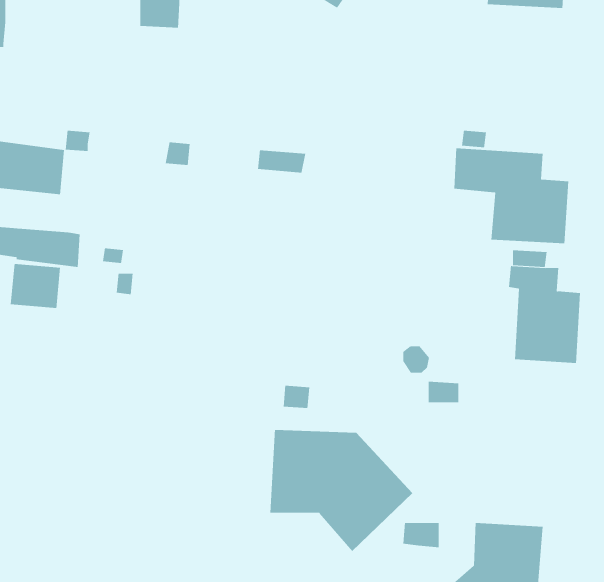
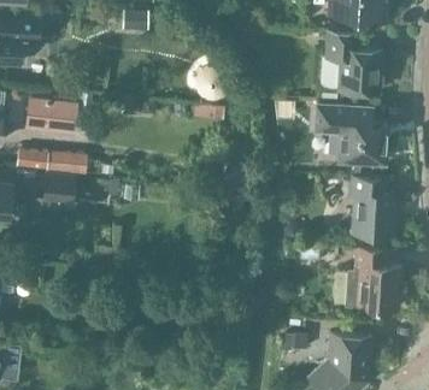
building: none -> [325,31,381,93]
building: none -> [348,249,399,309]
building: [270,429,413,552] -> none

